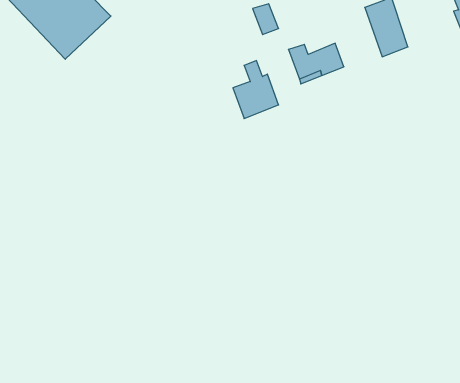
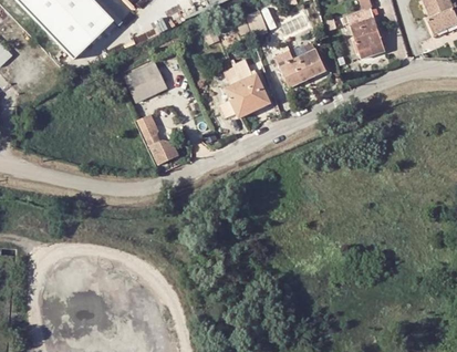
building: none -> [122,60,166,103]
building: none -> [135,114,175,165]

